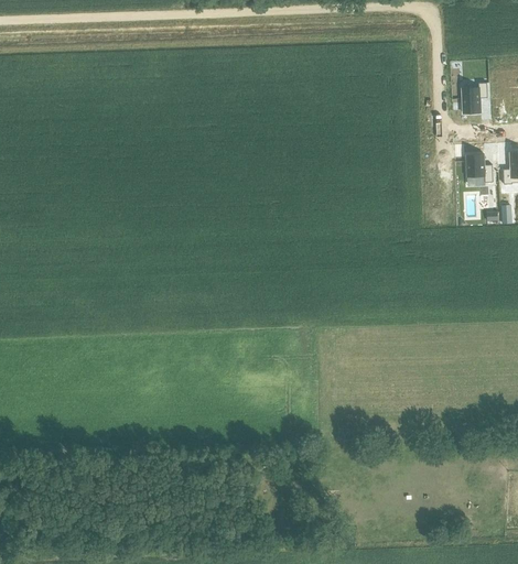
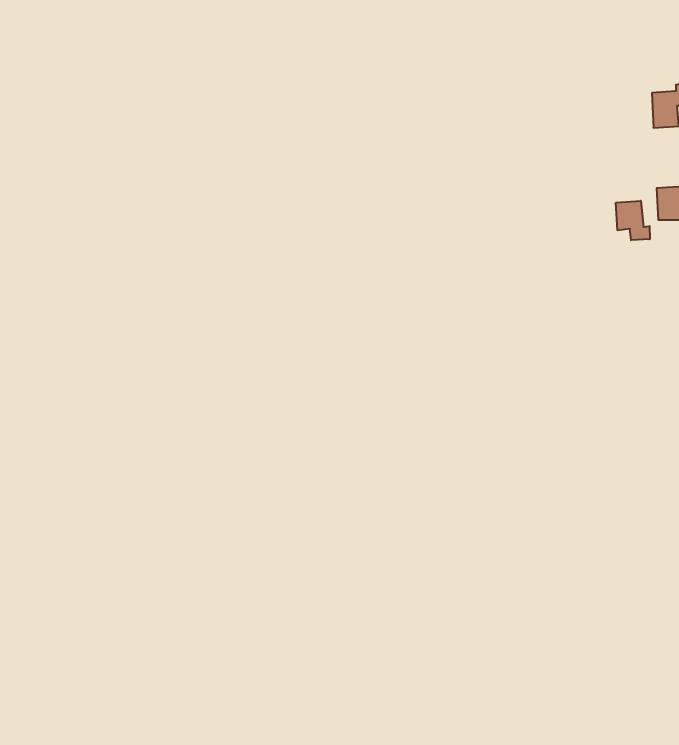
building: none -> [616,201,650,240]

